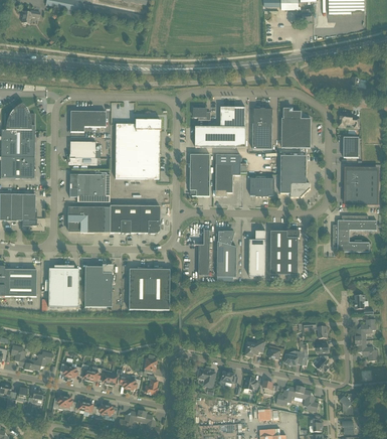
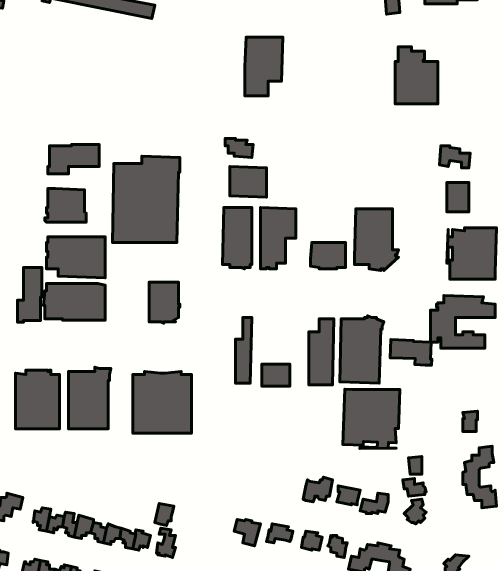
building: [219,107,245,147] -> [245,37,283,96]
building: [252,108,271,149] -> none
building: [280,108,310,147] -> [395,47,438,104]
building: none -> [17,267,42,322]
building: [109,205,139,233] -> none
building: [216,232,236,262] -> none
building: none -> [390,340,432,365]
building: none -> [343,389,400,449]

